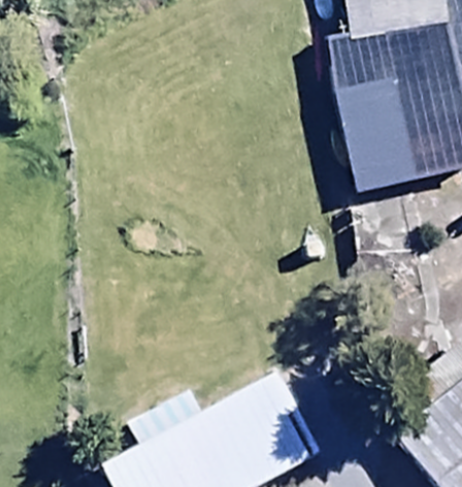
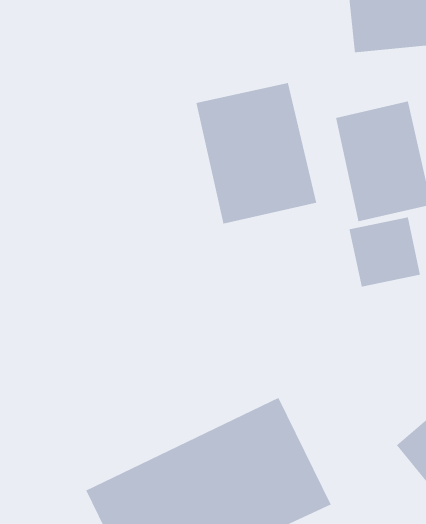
building: none -> [195,82,317,224]

